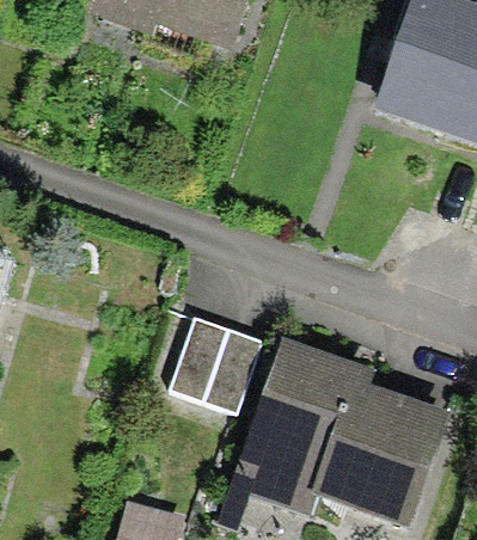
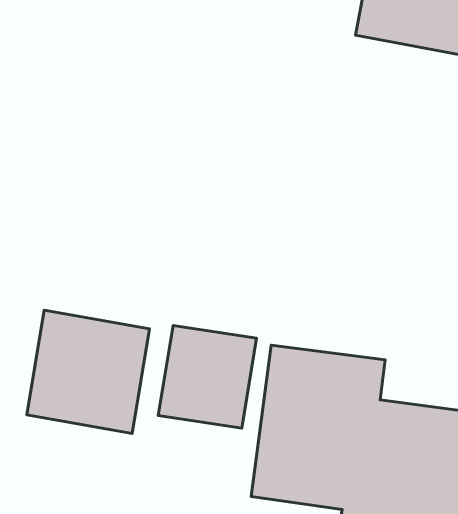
building: none -> [27,310,149,433]

